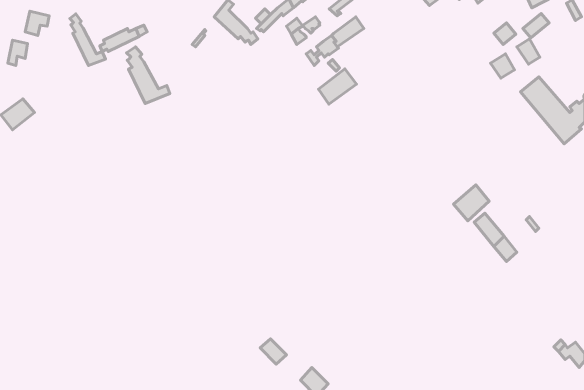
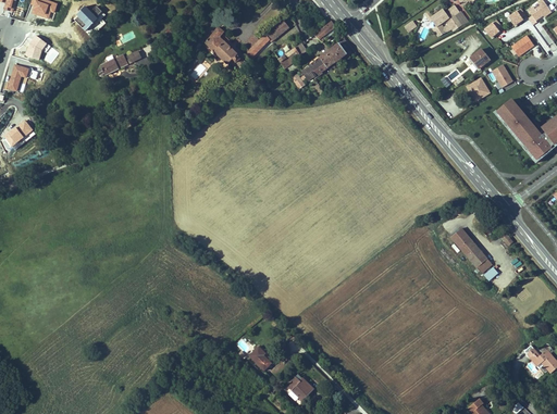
building: [70,14,105,66] -> none
building: [127,47,170,104] -> none
building: [319,69,356,104] -> none
building: [453,185,489,221] -> none

